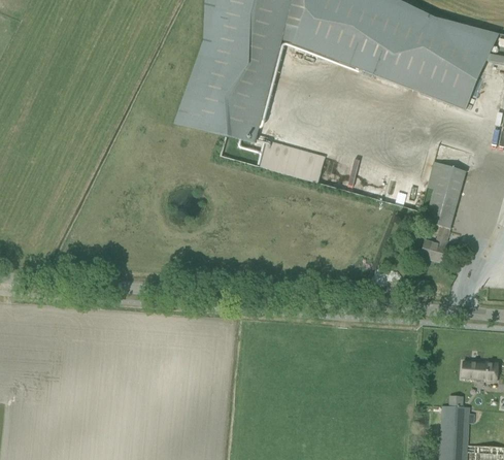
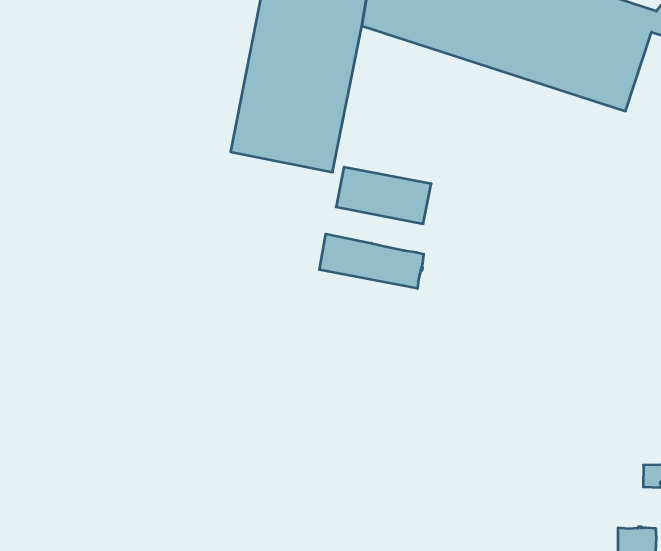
building: [421,161,466,260] -> none
building: none -> [319,234,424,289]

